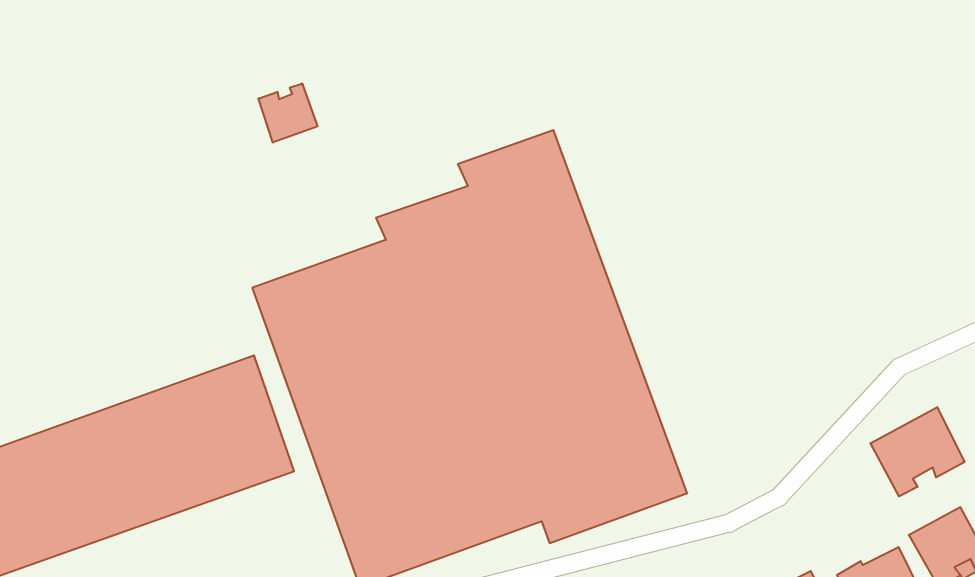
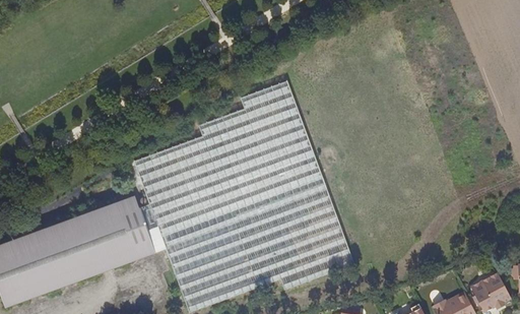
building: [258,83,318,143] -> none
building: [870,407,964,496] -> none

